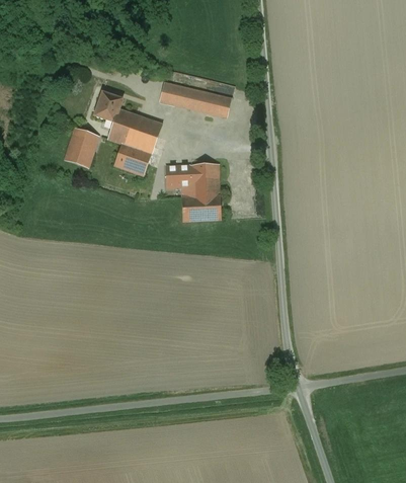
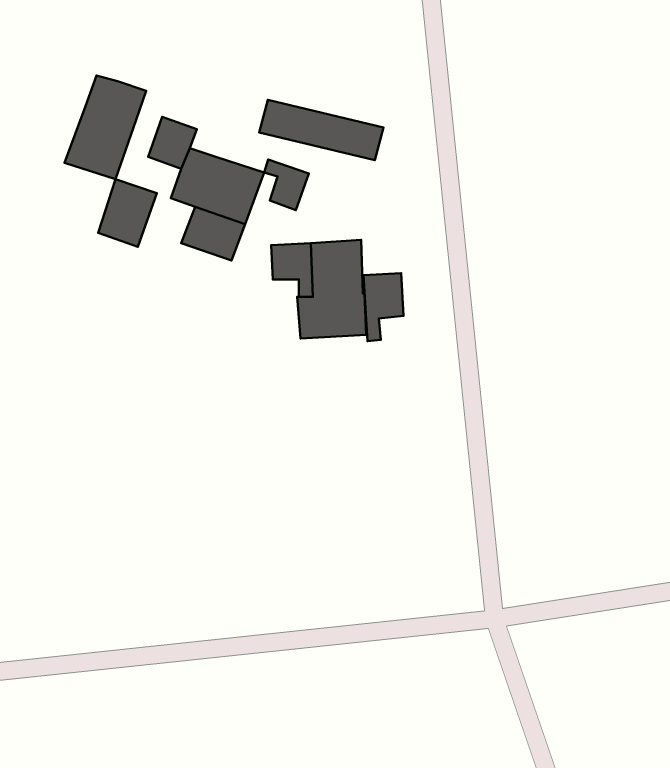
building: none -> [65,75,146,179]
building: none -> [264,159,309,210]
building: none -> [363,273,403,341]

